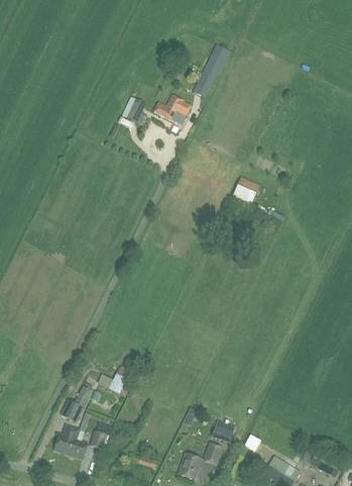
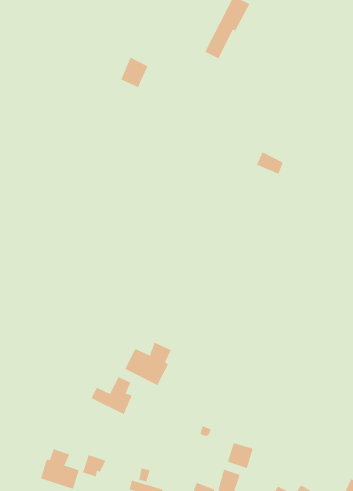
building: [153,95,191,121] -> none
building: none -> [124,342,172,386]
building: [61,386,93,423] -> none

